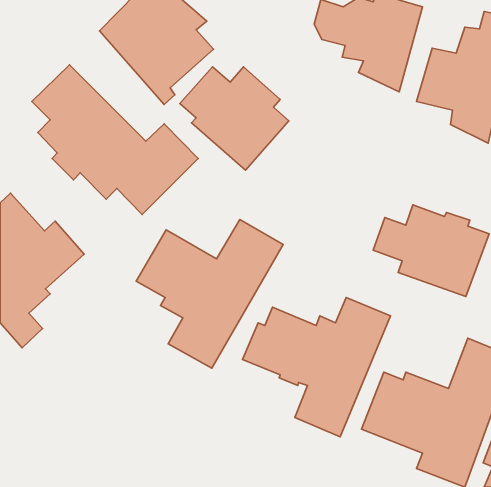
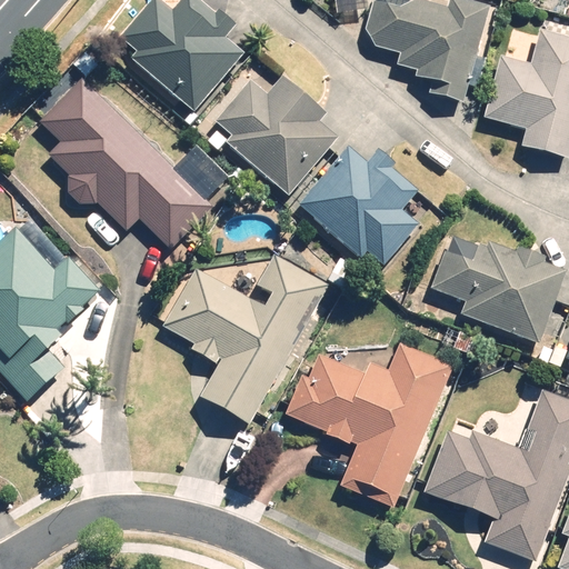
building: none -> [297,144,420,264]

